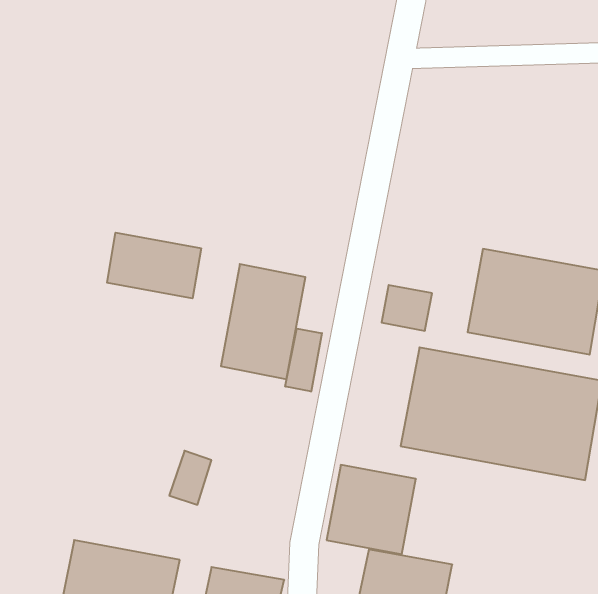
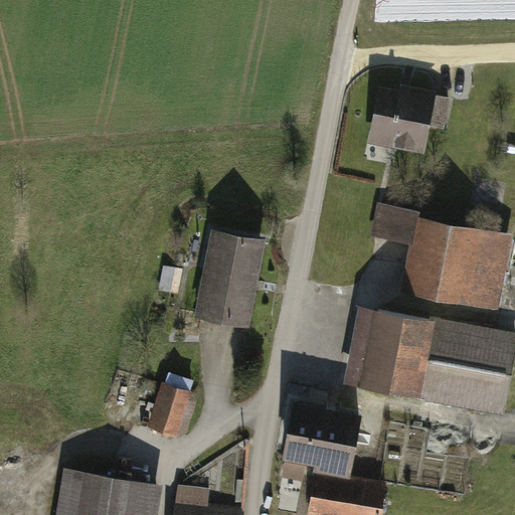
building: none -> [367,82,448,162]
building: [107,233,201,298] -> none
building: [382,285,432,331] -> [374,203,417,242]
building: [285,329,322,392] -> none

